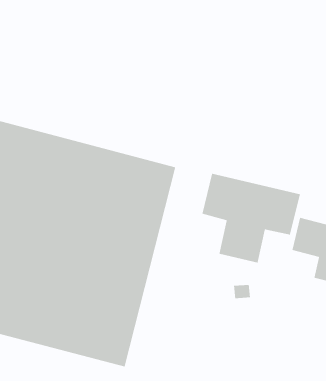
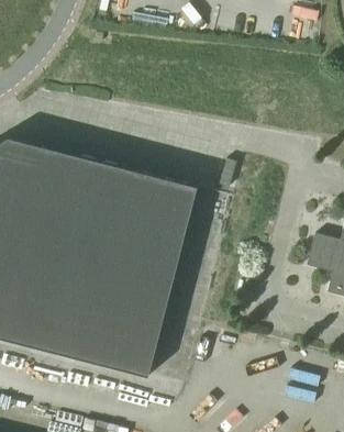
building: [202,173,301,264] -> none

